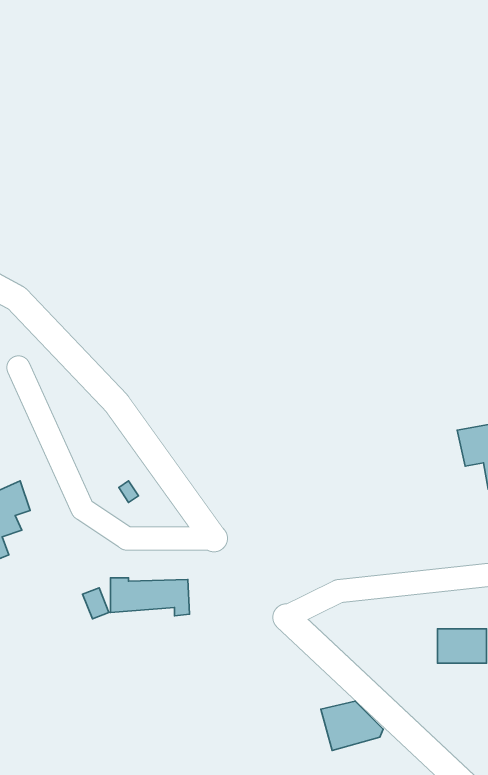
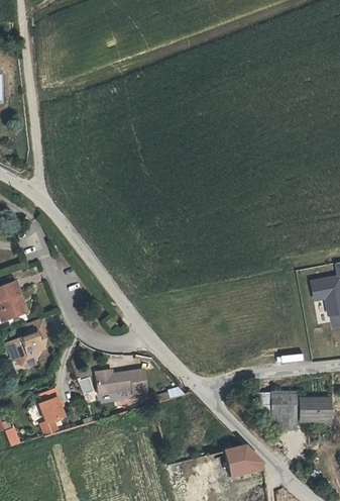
building: none -> [33,386,65,437]
building: none -> [268,397,295,433]

